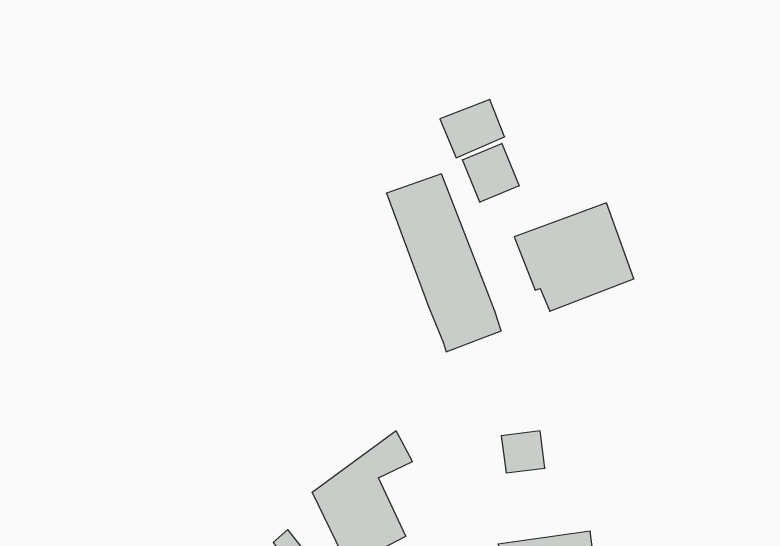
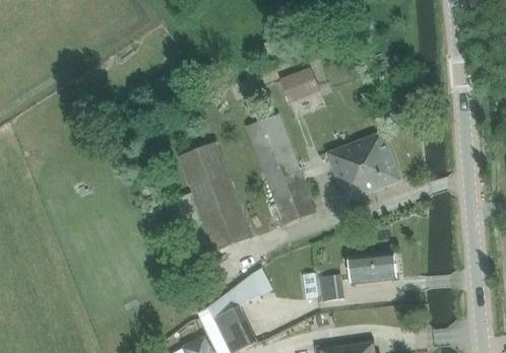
building: [462,143,519,202] -> none
building: none -> [178,142,253,253]
building: none -> [347,252,395,281]

